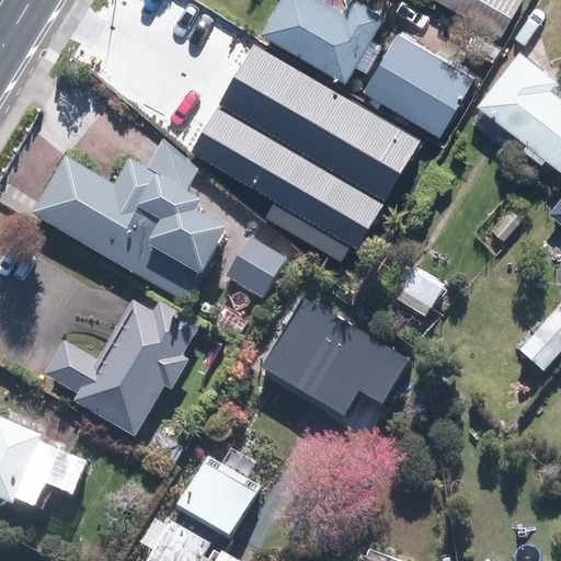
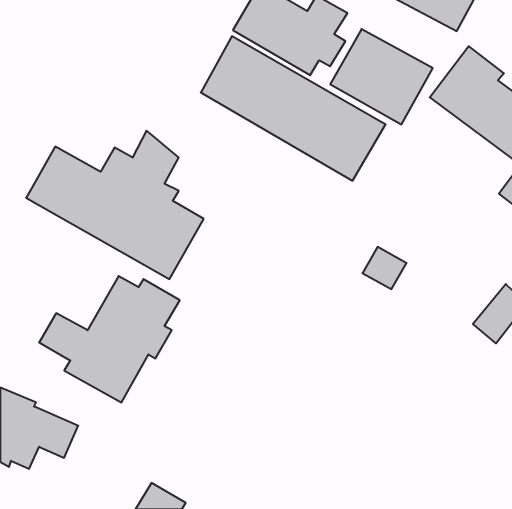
building: [194,103,385,257] -> none
building: [226,238,284,299] -> none
building: [264,293,410,411] -> none
building: [175,458,257,540] -> none

